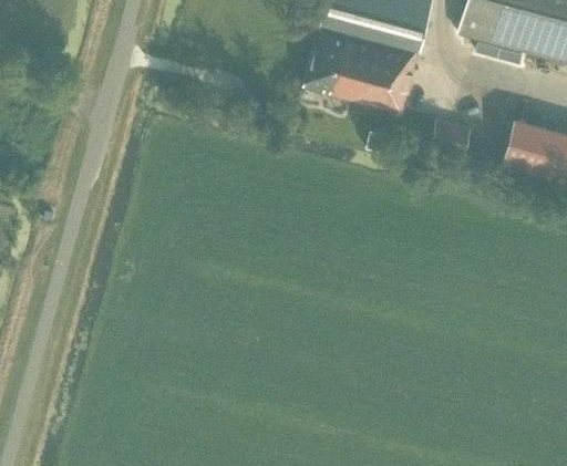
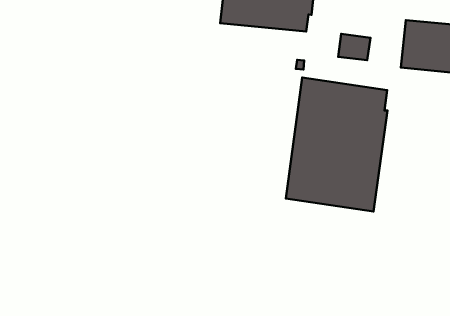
building: none -> [286,77,388,212]

